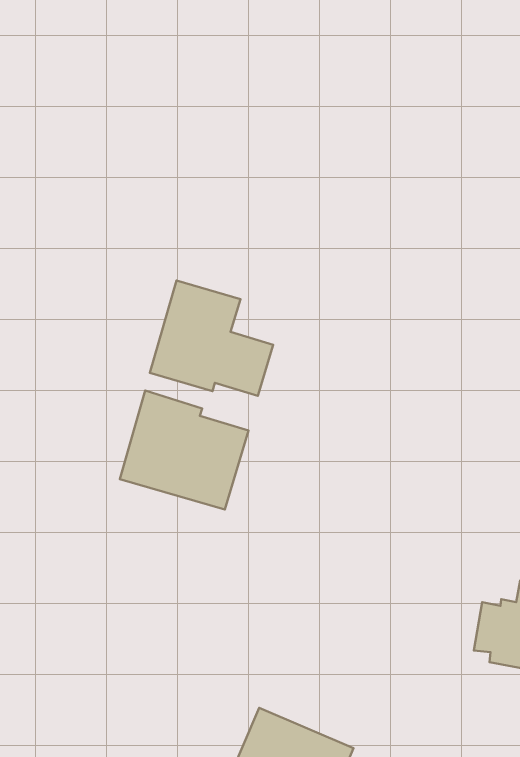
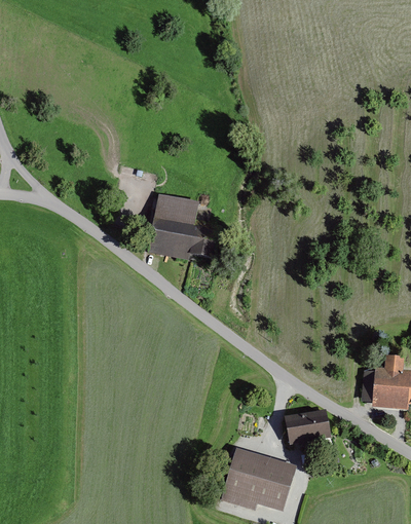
building: [120,390,248,510] -> none
building: none -> [286,412,329,442]

